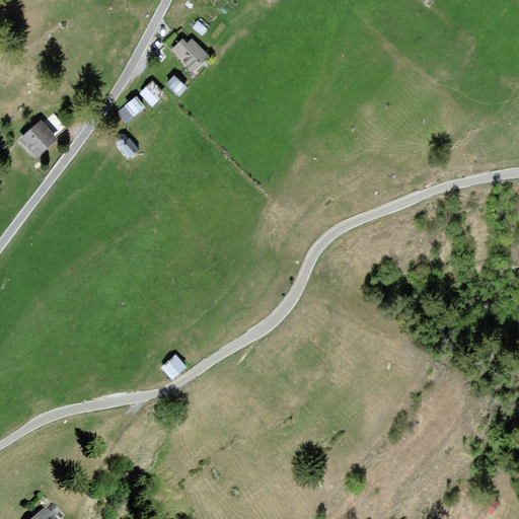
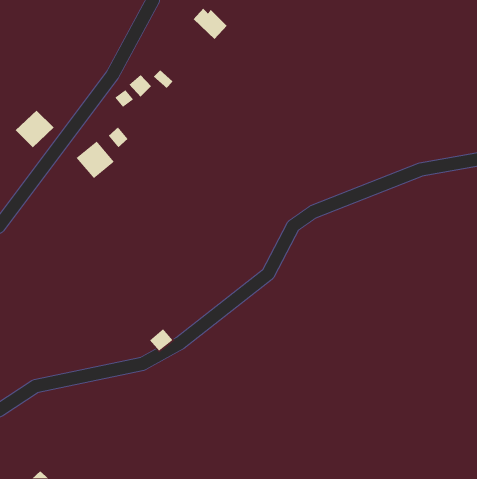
building: [171,38,209,72] -> [193,8,227,40]
building: none -> [75,140,115,179]

